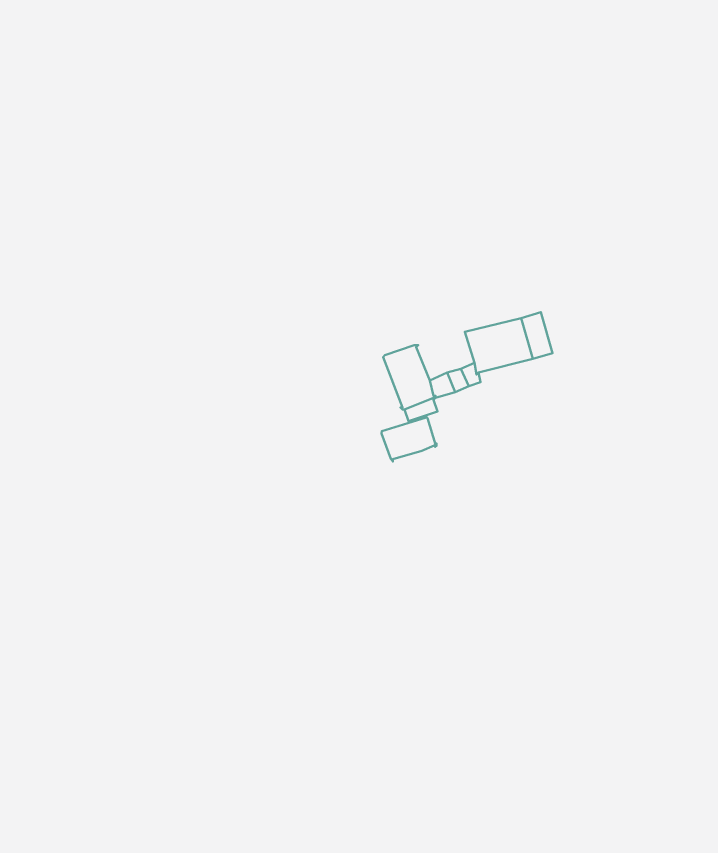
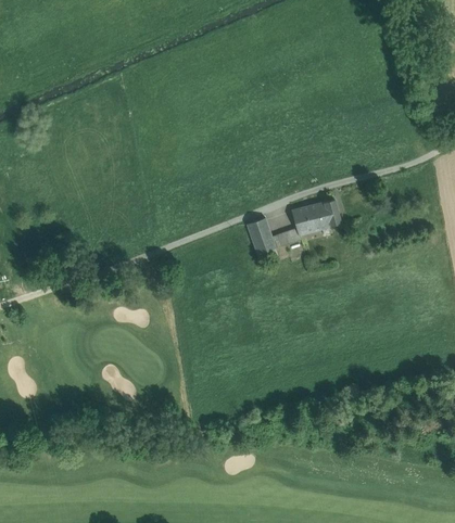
building: [382,416,437,461] -> none

